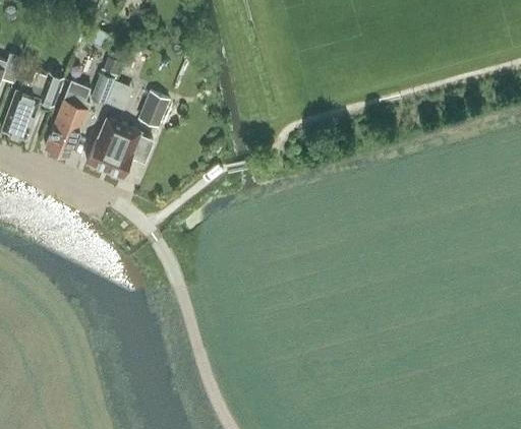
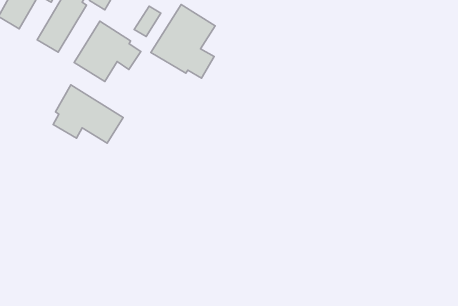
building: none -> [151,4,215,78]
building: none -> [53,85,123,143]

